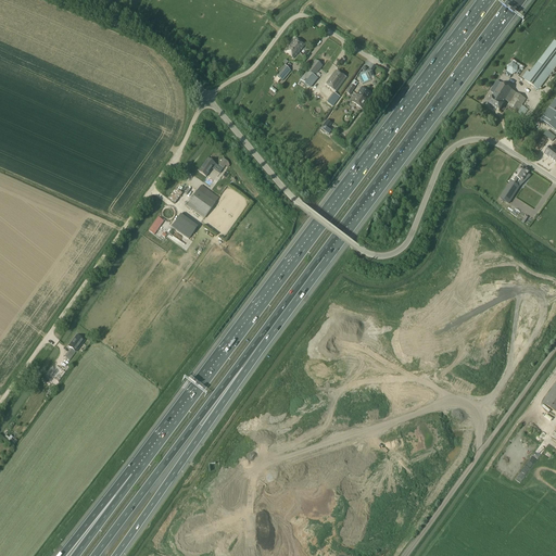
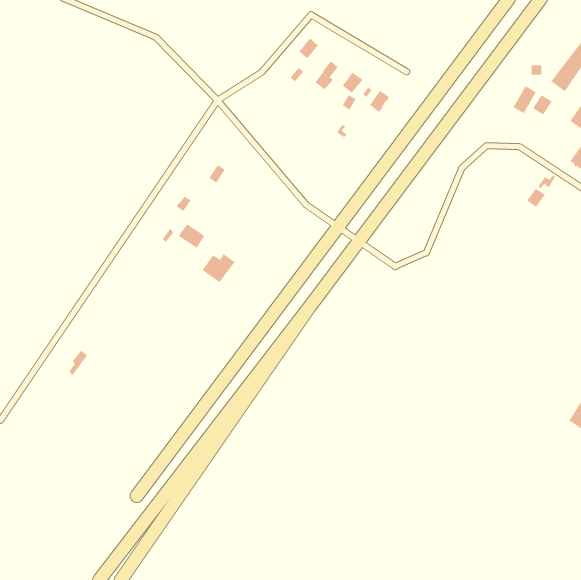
building: [188,188,220,216] -> [201,253,236,283]

